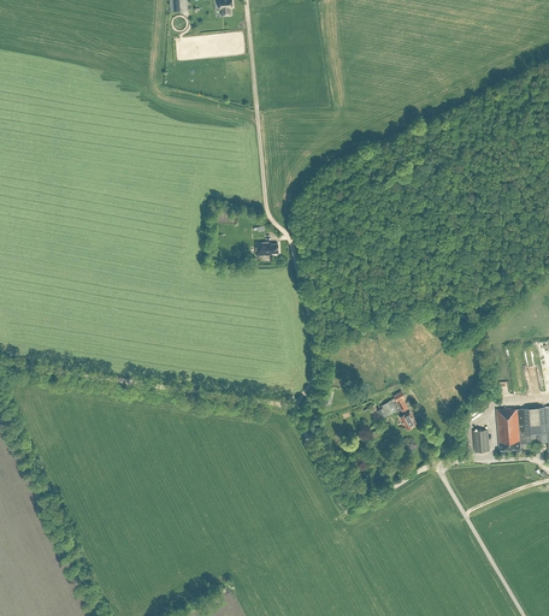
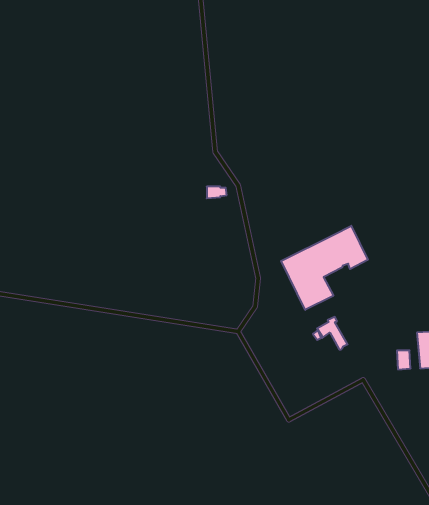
building: none -> [281,226,368,310]

